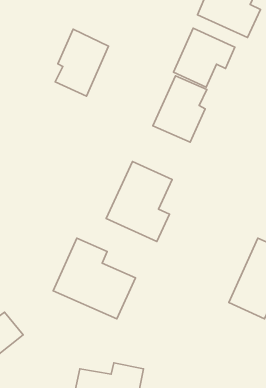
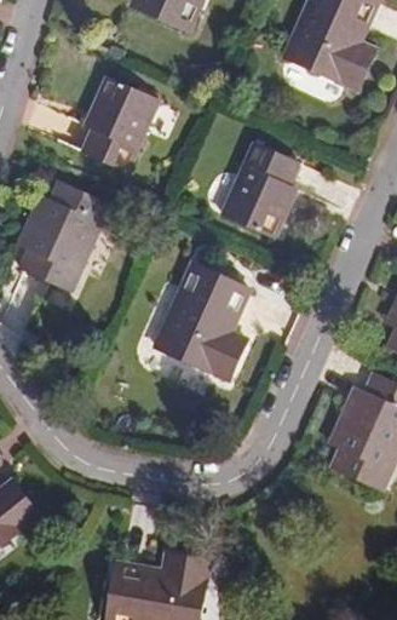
building: [173,28,235,87] -> none
building: none -> [21,182,109,292]
building: [53,238,135,319] -> none

